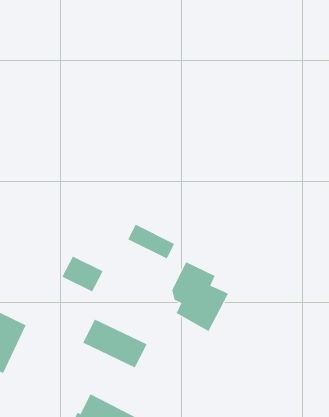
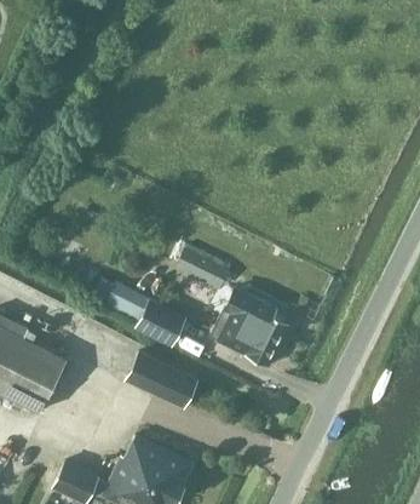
building: none -> [137,300,185,344]

